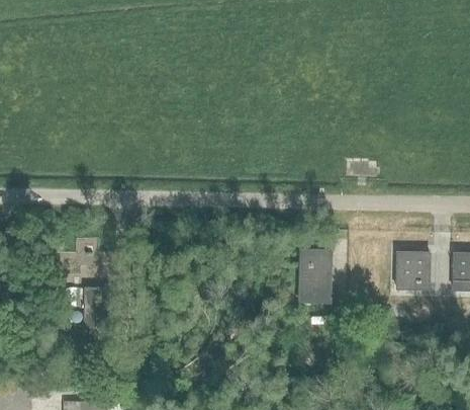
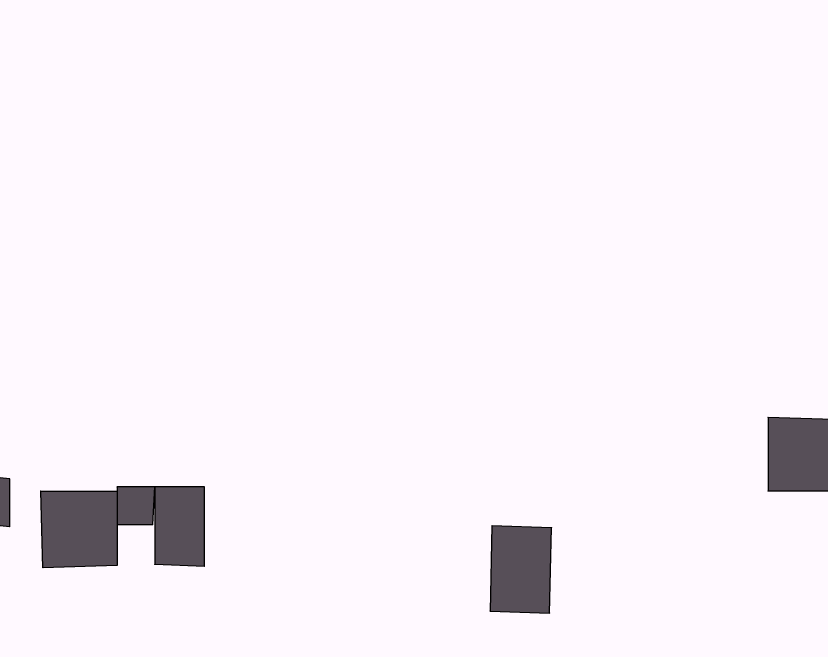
building: [298,249,330,294] -> [490,526,552,613]
building: none -> [41,491,117,568]

